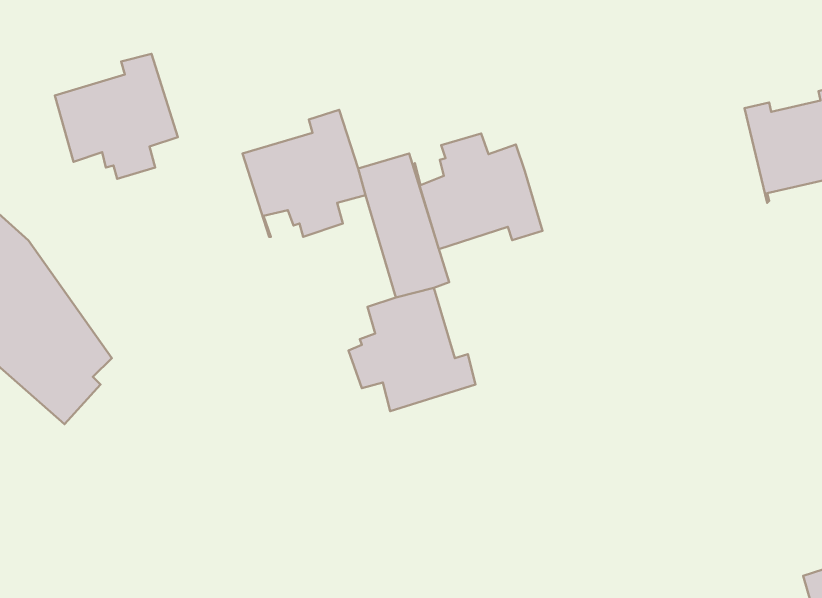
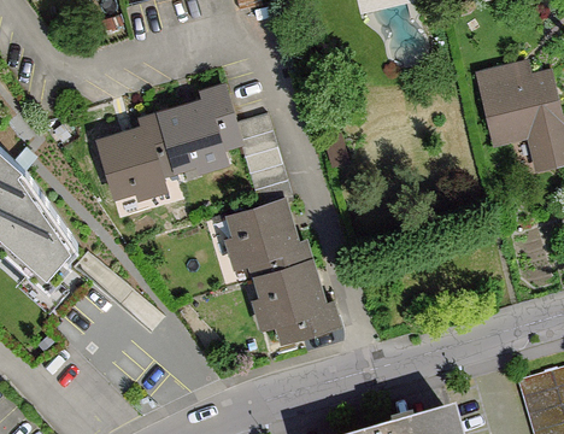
building: [55,54,178,179] -> [99,113,177,193]
building: [413,134,542,249] -> none
building: none -> [254,260,336,339]

